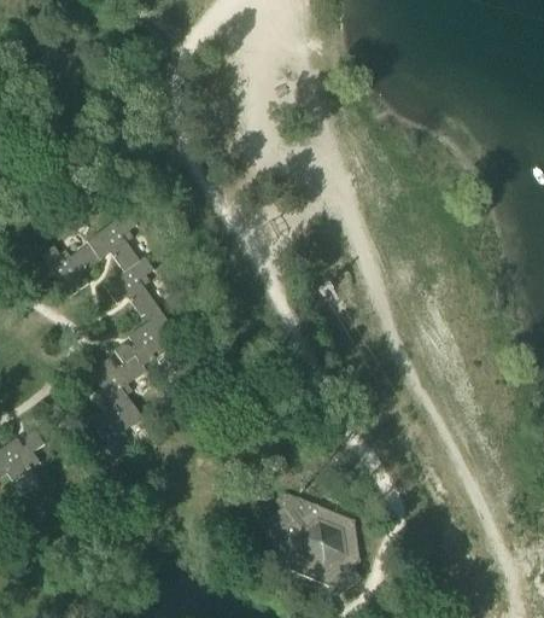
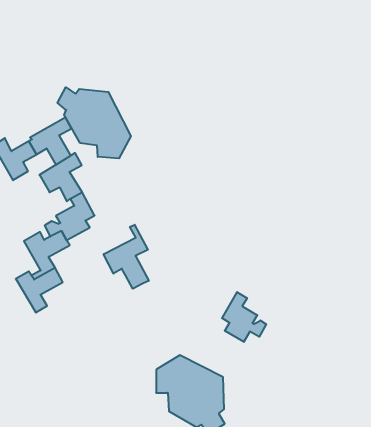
building: none -> [57,87,131,158]
building: none -> [104,225,149,289]
building: none -> [222,292,266,342]

